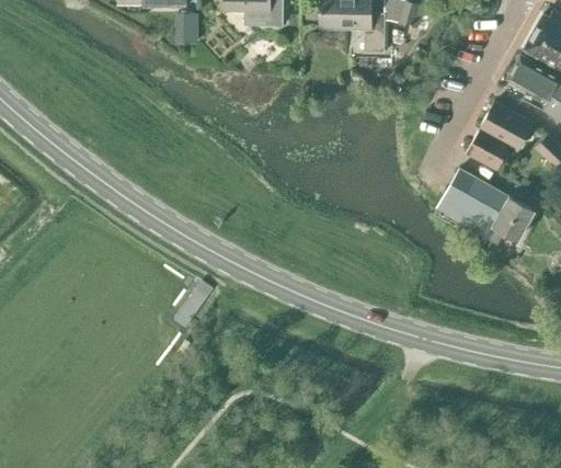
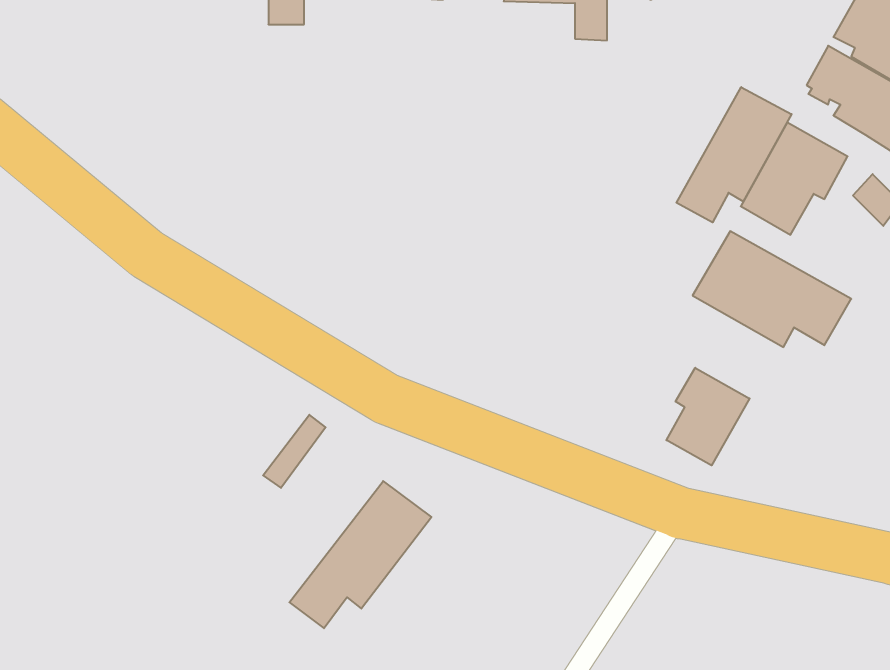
building: none -> [676,87,792,222]
building: none -> [666,368,750,465]
building: none -> [289,481,431,628]

